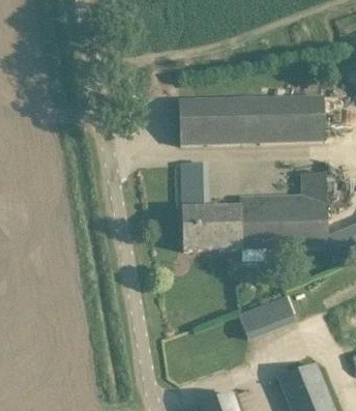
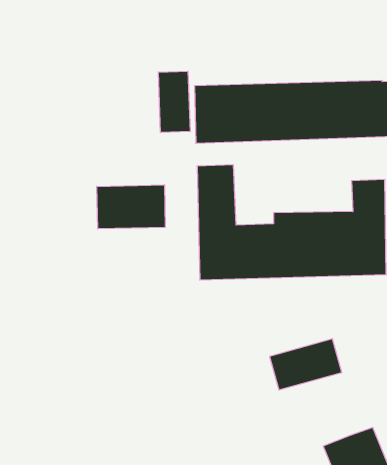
building: none -> [158,71,190,133]
building: none -> [97,185,165,229]

